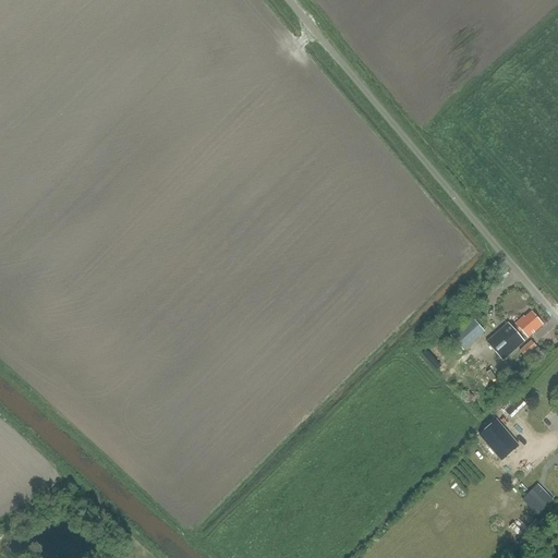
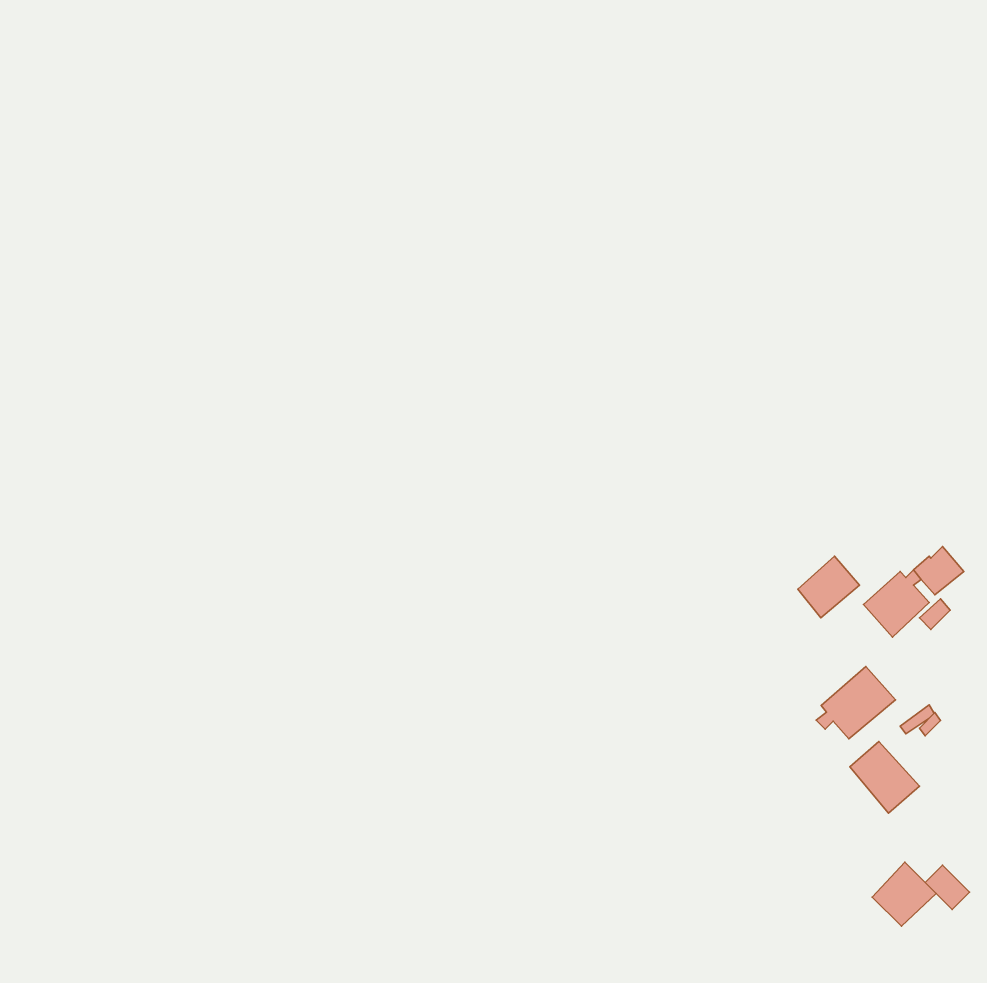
building: none -> [816,667,896,739]
building: none -> [872,862,936,926]

